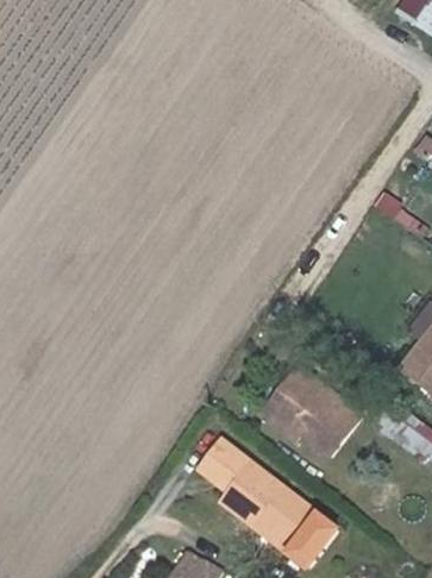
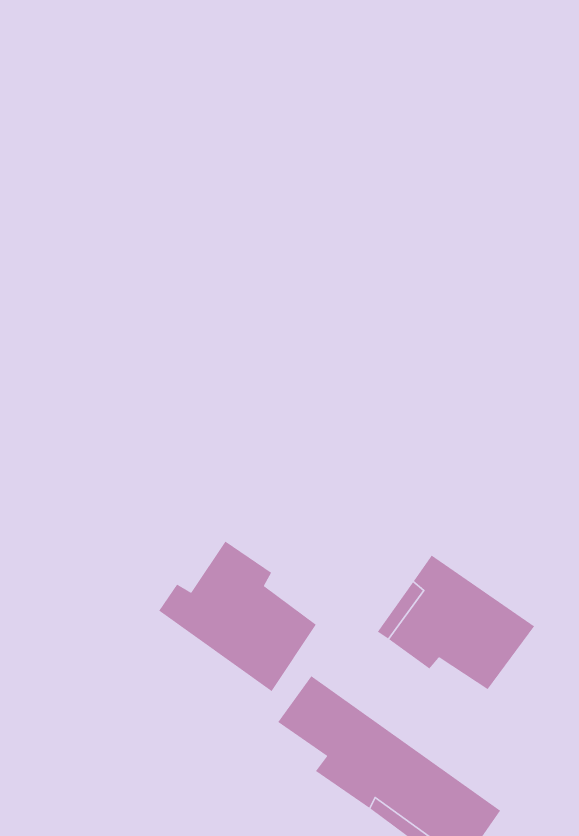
building: none -> [158,541,317,692]

